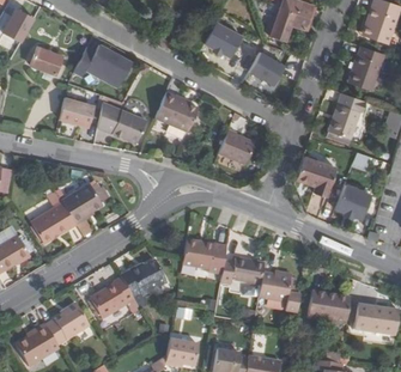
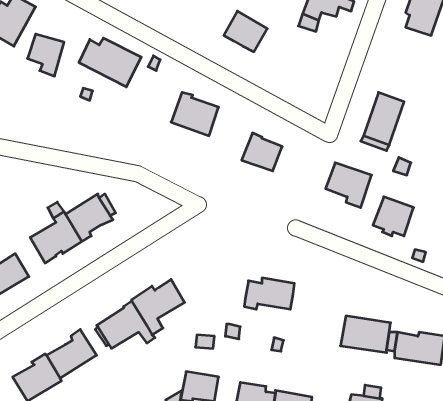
building: [346,44,382,90] -> none
building: [247,51,282,85] -> none
building: [60,97,93,124] -> none
building: [98,104,148,144] -> none
building: [182,238,226,273] -> none
building: [259,270,299,312] -> none

